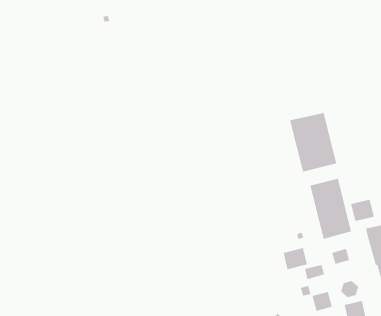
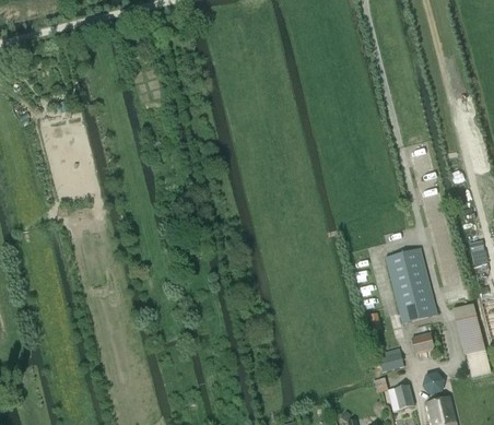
building: [289,112,337,173] -> none
building: [350,199,375,222] -> none
building: [283,247,308,270] -> none

